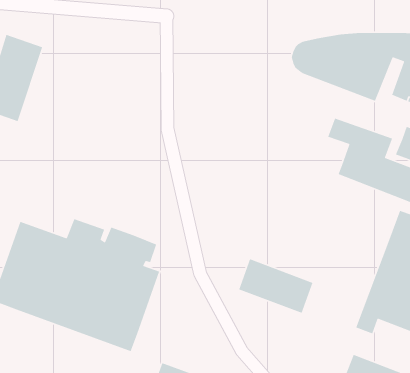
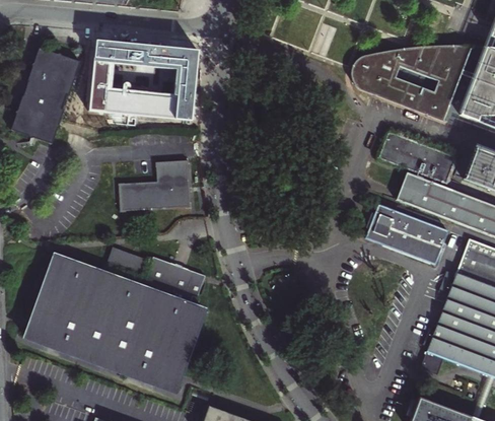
building: none -> [85,38,198,118]
building: none -> [119,163,191,214]
building: [238,258,313,314] -> [366,205,448,266]

